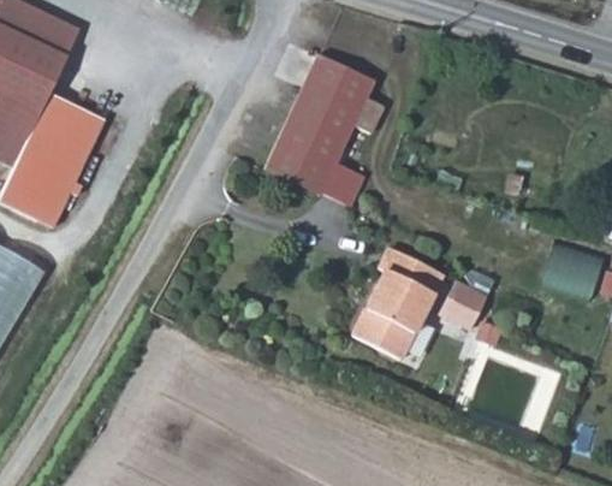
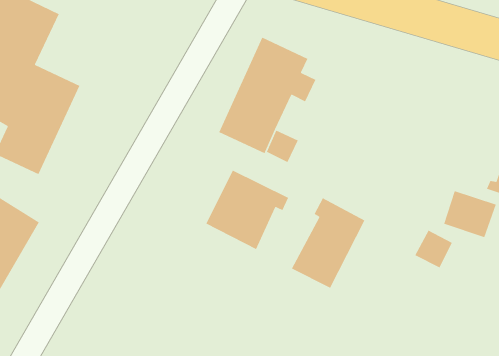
building: none -> [205,170,289,250]
building: [439,283,486,330] -> [414,230,453,269]

